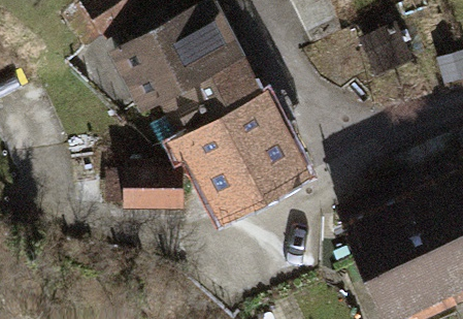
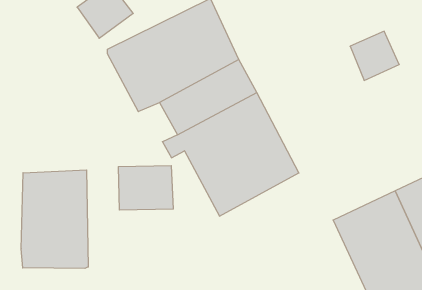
building: none -> [21,170,88,268]

